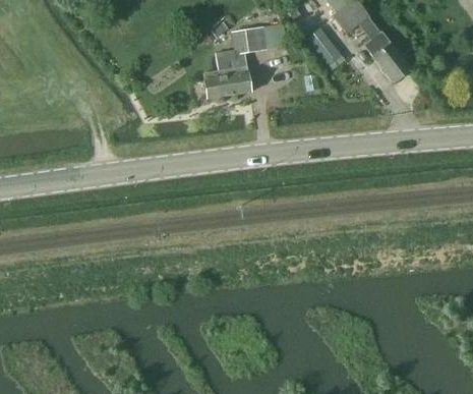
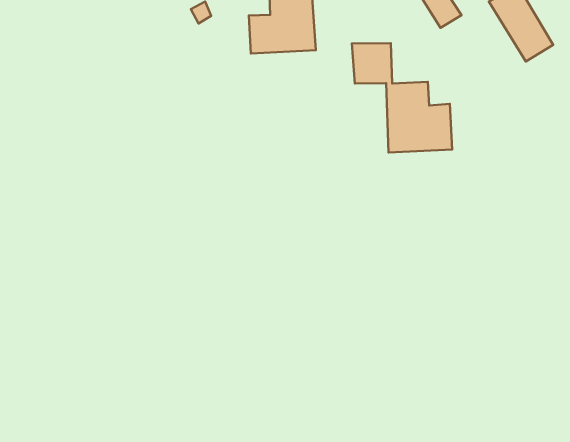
building: none -> [352,43,452,153]

